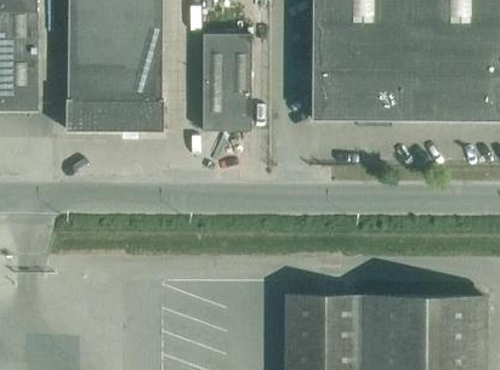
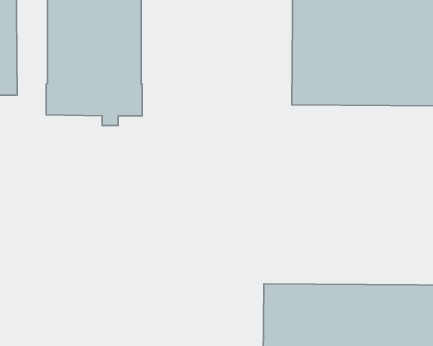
building: [203,33,251,131] -> none

